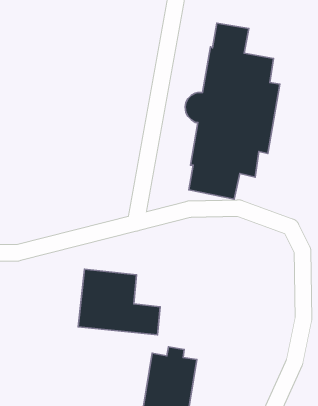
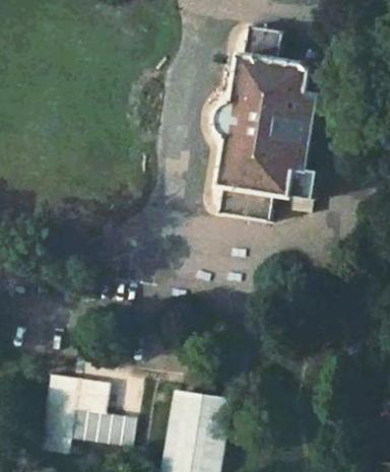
building: [78,269,160,335] -> [42,375,133,448]

